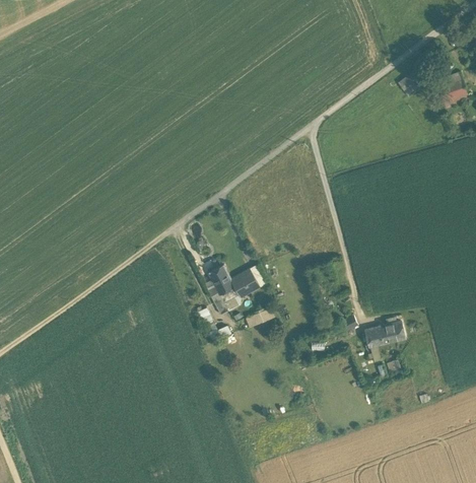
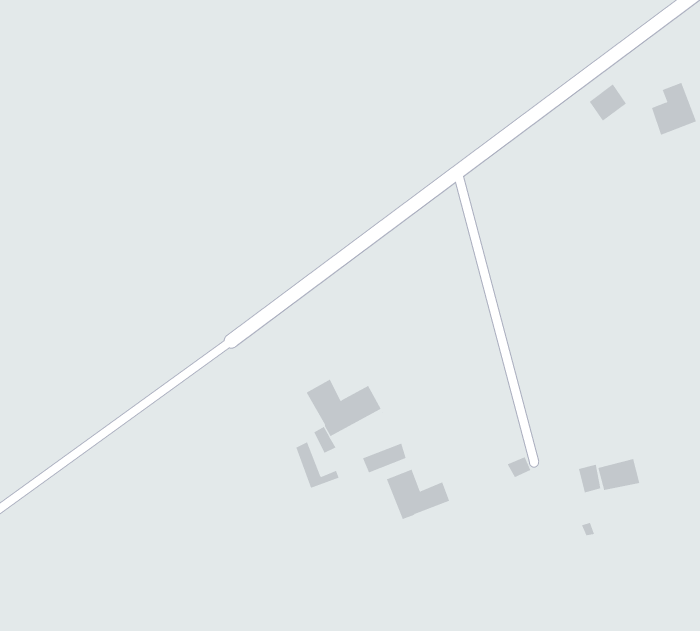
building: [364,325,393,346] -> [597,459,640,491]
building: none -> [382,469,450,520]

